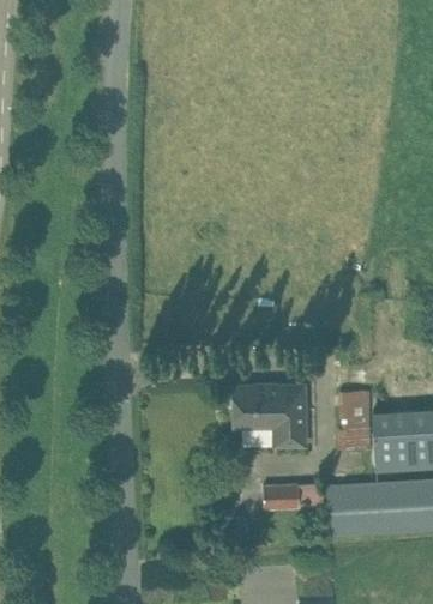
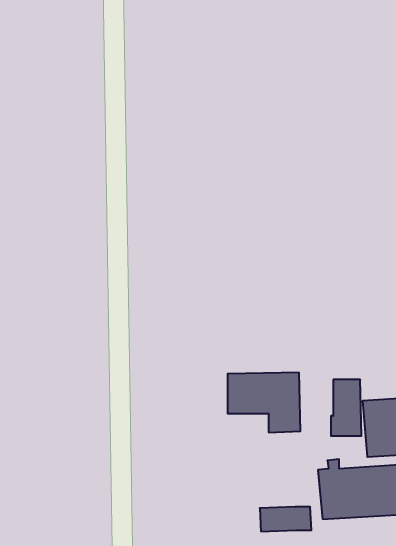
building: [263,485,315,511] -> [260,507,311,531]

